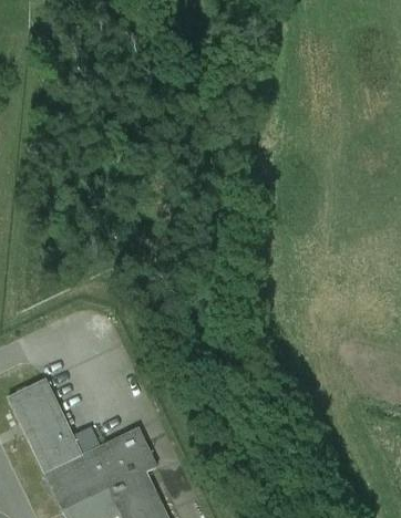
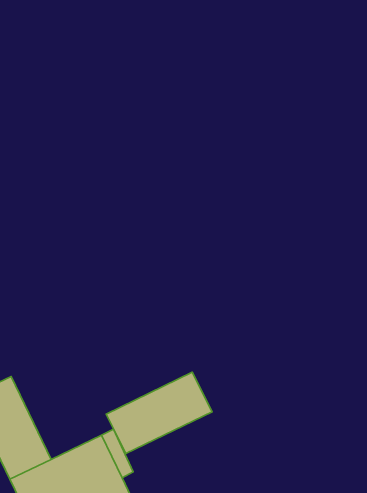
building: none -> [106,372,212,454]

